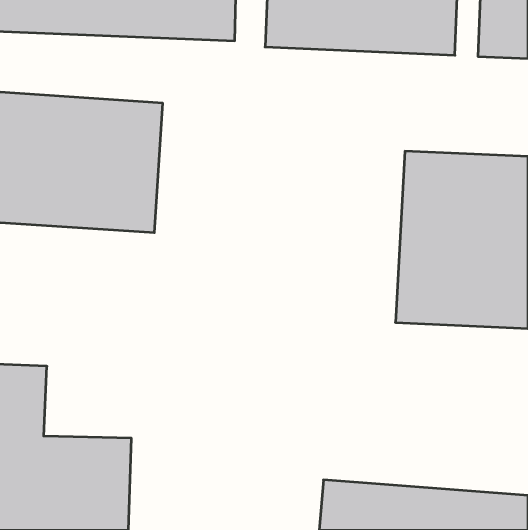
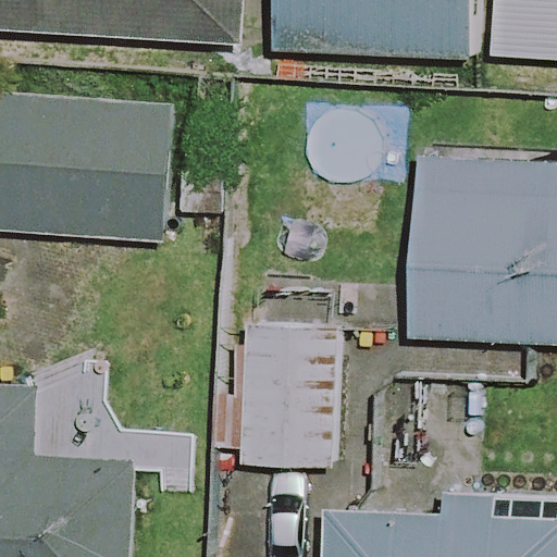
building: none -> [239,290,337,466]

